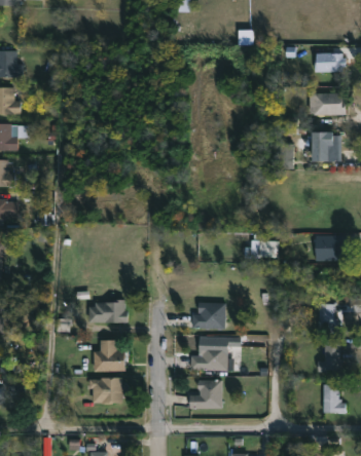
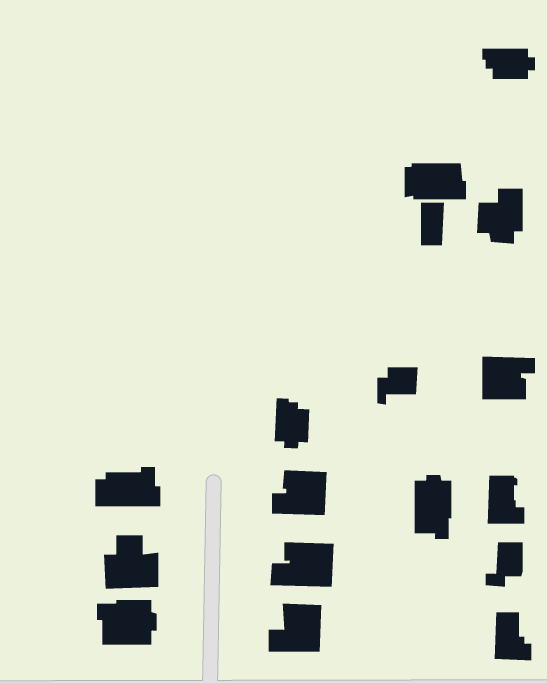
building: [311,93,348,115] -> [404,163,467,200]
building: none -> [274,398,310,449]
building: none -> [414,474,452,540]

